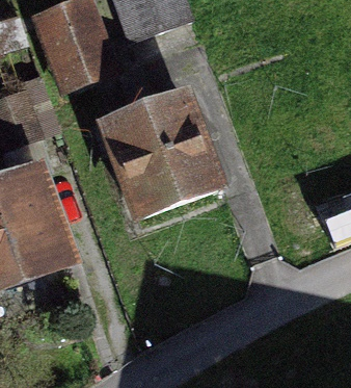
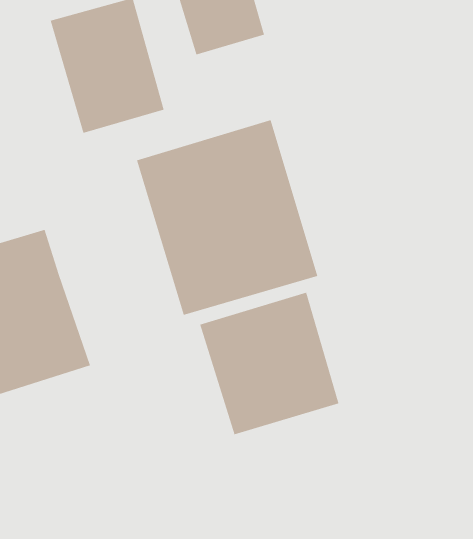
building: none -> [200,292,339,435]

